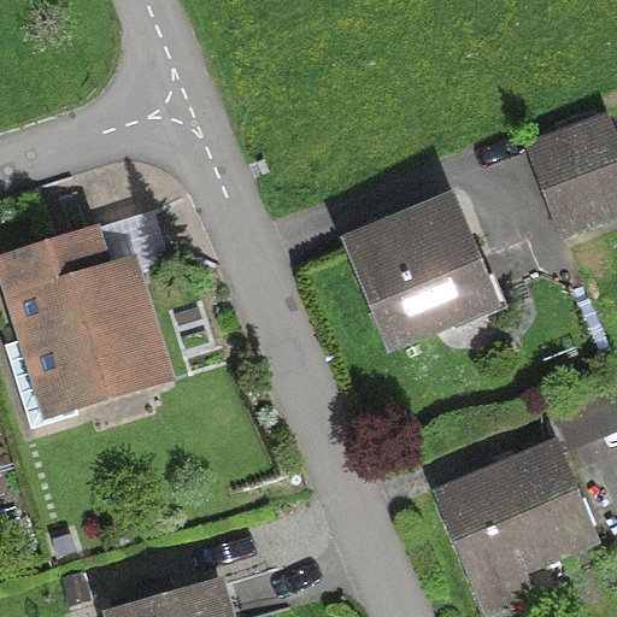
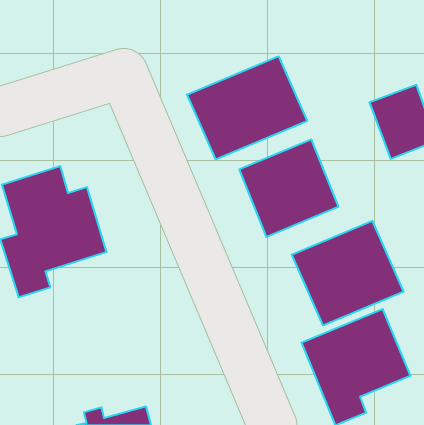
building: none -> [187,56,307,159]
building: none -> [292,221,403,325]

